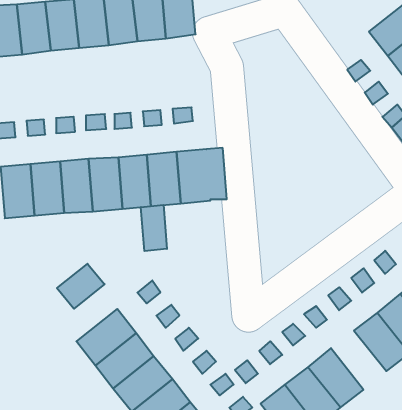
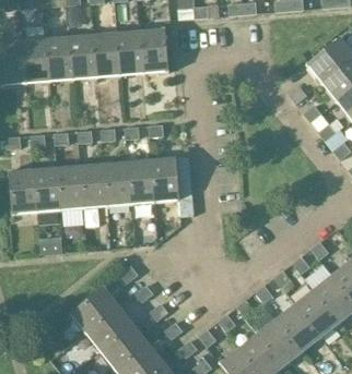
building: [141,205,167,251] -> none
building: [57,264,105,309] -> none
building: none -> [277,304,321,352]

